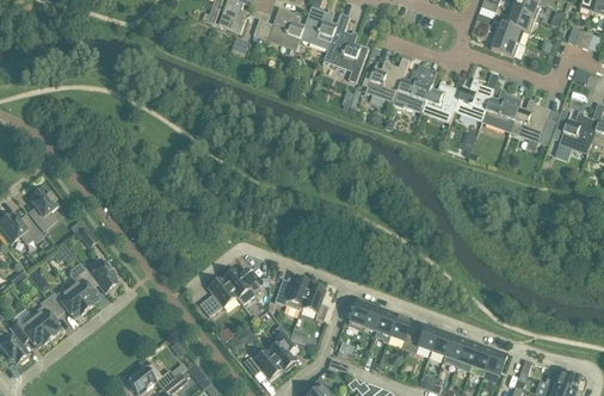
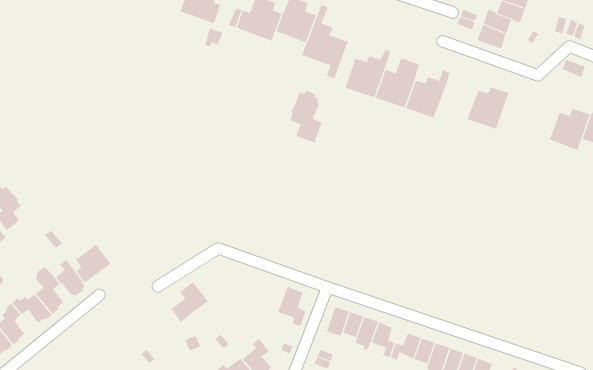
building: [454,81,494,123] -> none
building: none -> [290,90,322,143]
building: [510,101,550,142] -> none
building: none -> [75,244,111,283]
building: [221,266,260,304] -> none
building: [275,277,310,310] -> none

